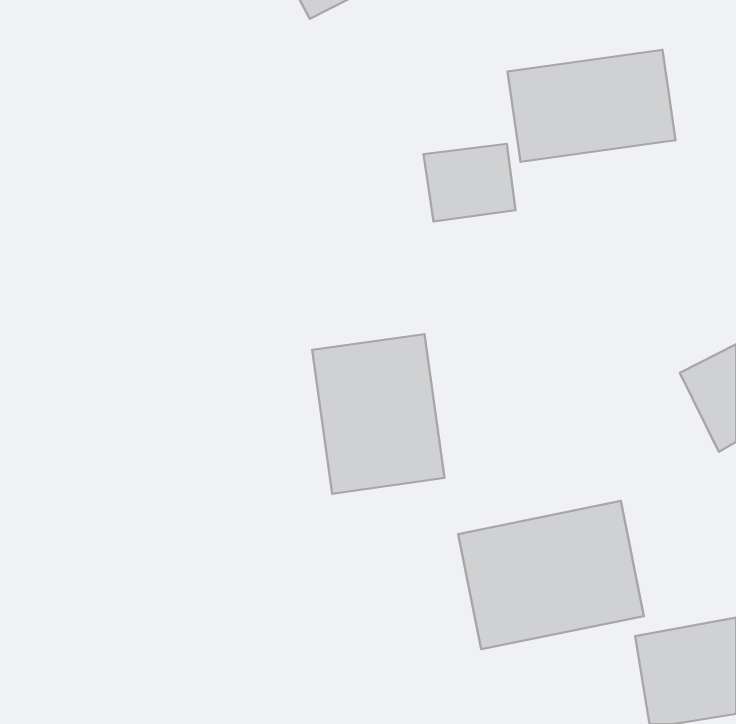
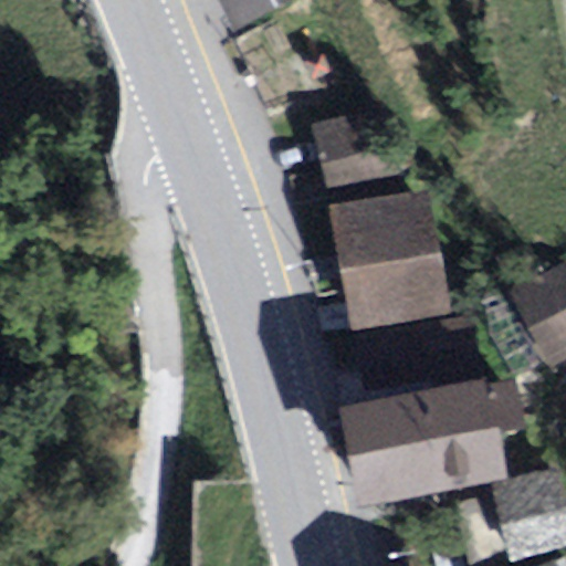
building: [508,50,676,162] -> none
building: [312,334,445,494] -> [340,189,442,312]

